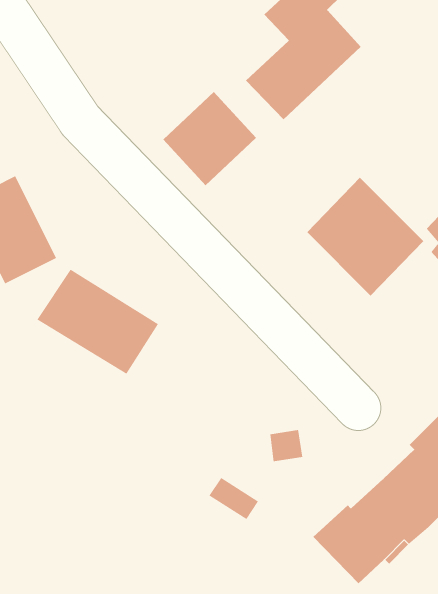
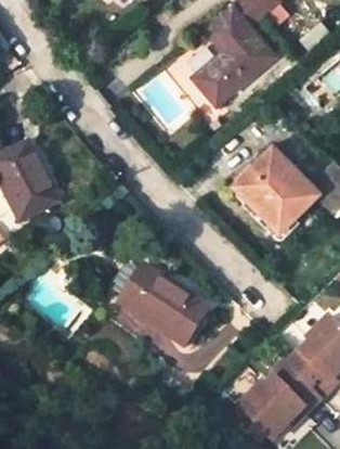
building: [163,91,257,186] -> none
building: [36,269,159,375] -> [120,268,207,343]

